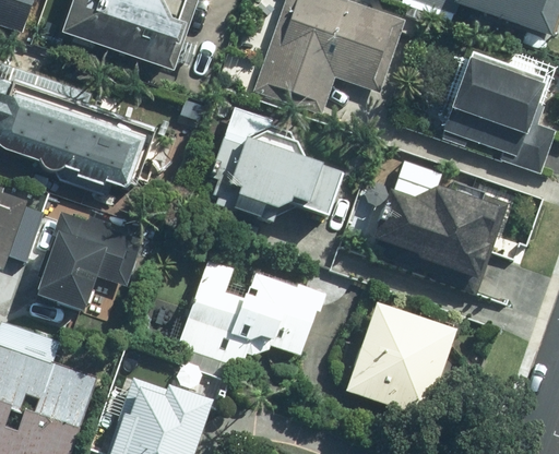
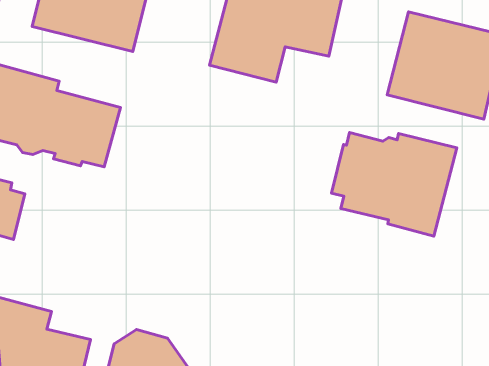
building: [199,104,343,224] -> none
building: [35,211,143,311] -> none
building: [176,259,322,368] -> none
building: [344,301,456,418] -> none

